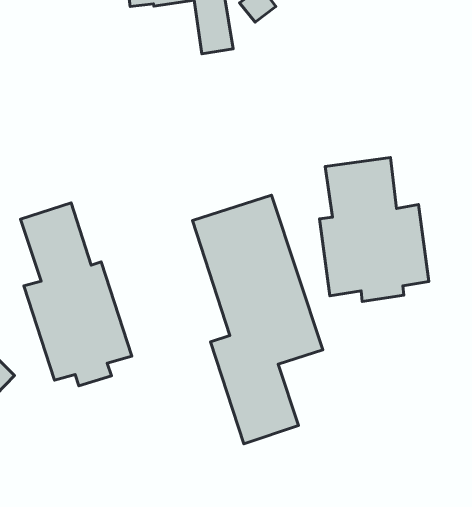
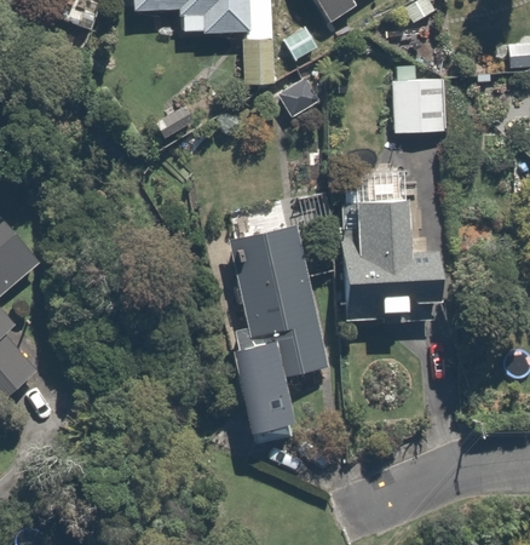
building: none -> [390,76,445,132]
building: [20,203,132,386] -> none

